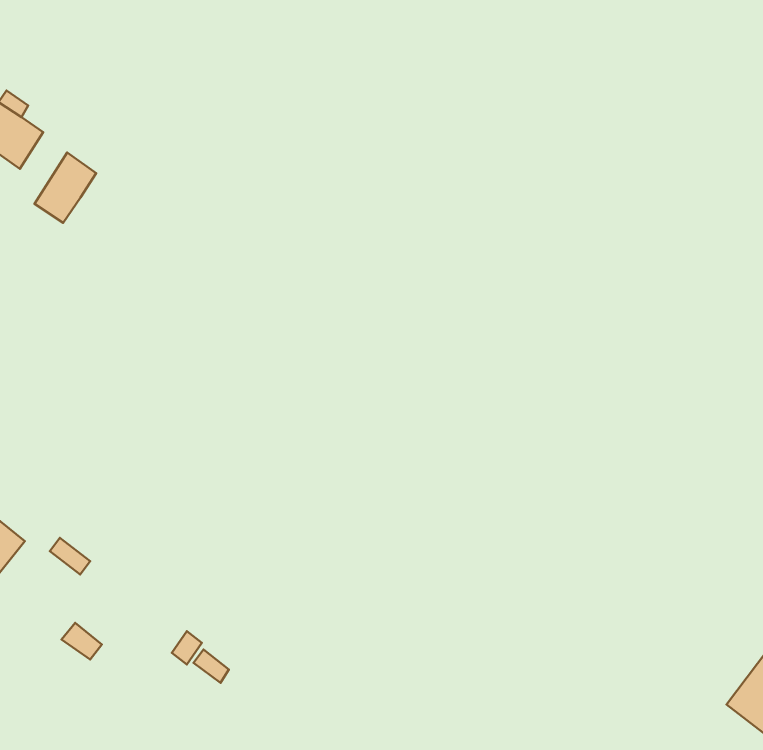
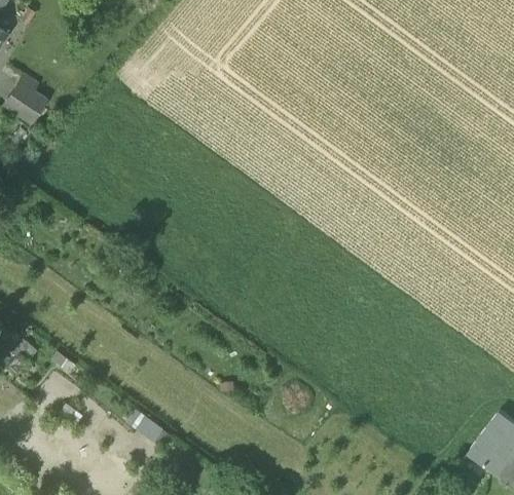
building: [34,153,96,223] -> none

